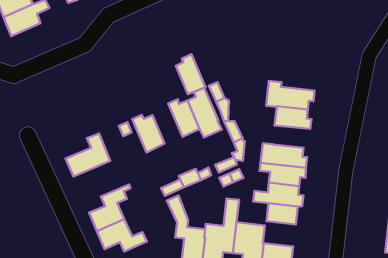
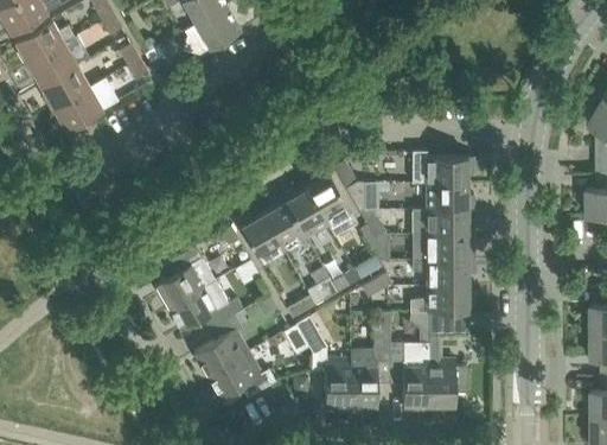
building: [176,54,206,94] -> [263,196,306,249]
building: none -> [413,208,473,234]
building: none -> [168,280,243,330]

